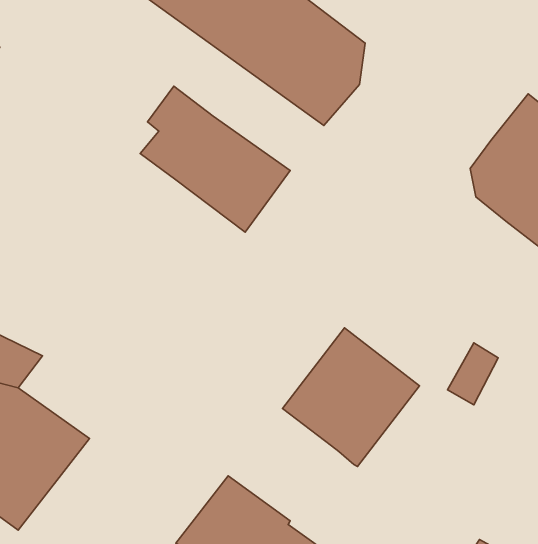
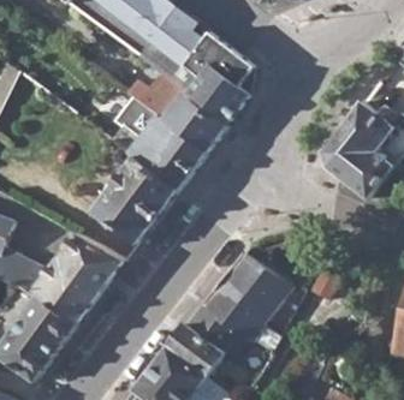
building: none -> [88,49,226,149]
building: none -> [93,155,178,241]
building: none -> [32,231,125,321]
building: none -> [167,302,238,374]

